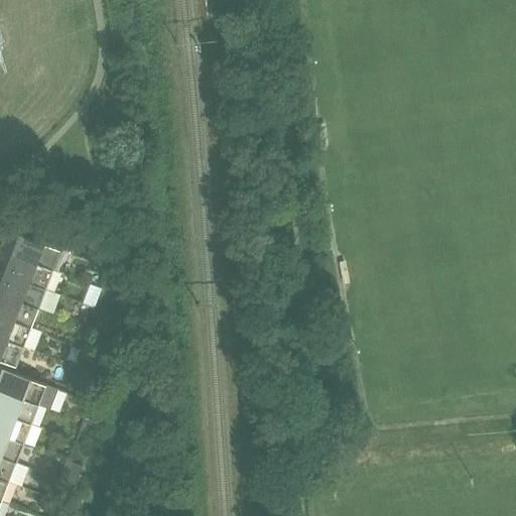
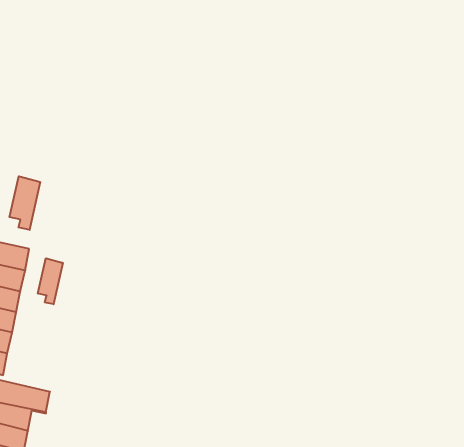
building: none -> [9,176,40,230]
building: none -> [38,258,63,304]

